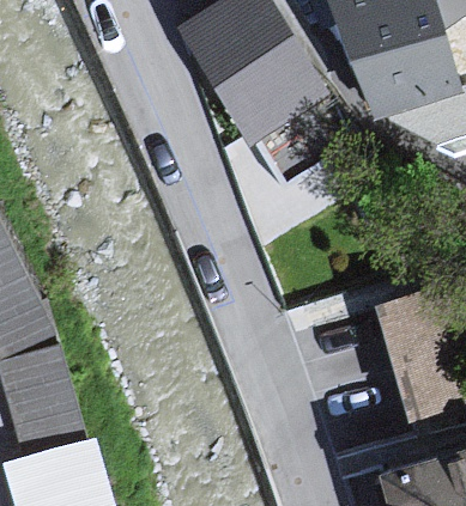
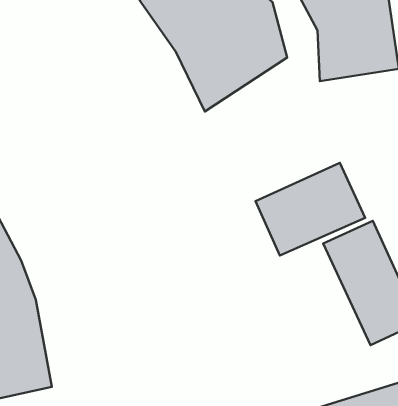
building: none -> [256,163,365,255]

